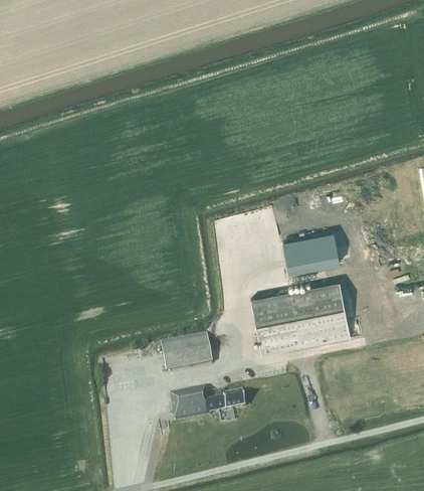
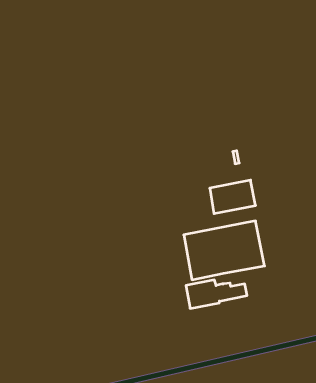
building: [160,334,212,371] -> none
building: [169,385,244,421] -> [186,280,247,308]

